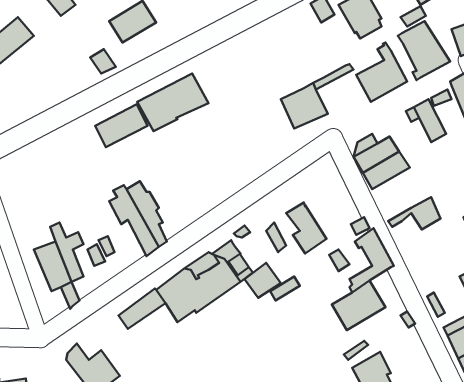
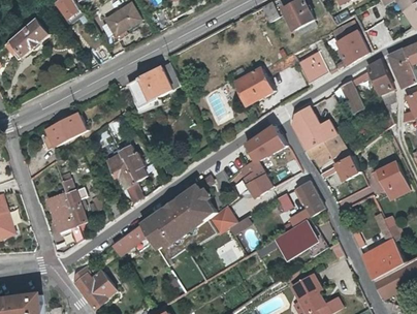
building: [95,104,148,147] -> [44,112,85,145]
building: none -> [245,126,285,163]
building: none -> [303,133,350,166]

